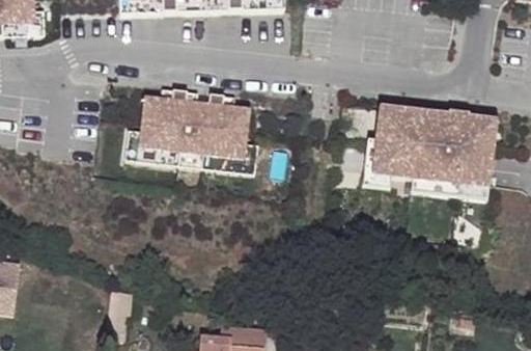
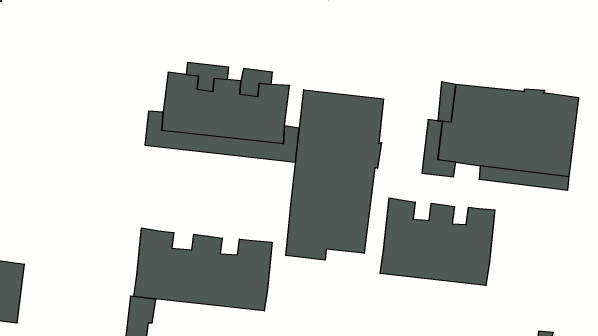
building: none -> [286,90,383,260]
building: none -> [380,198,495,286]
building: none -> [134,228,272,311]

